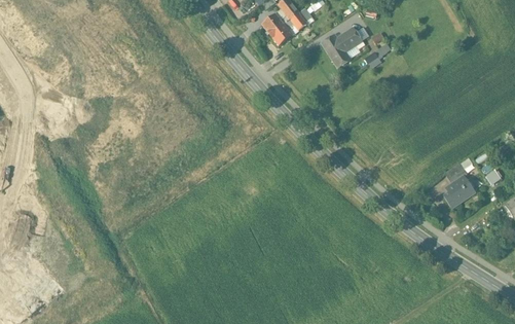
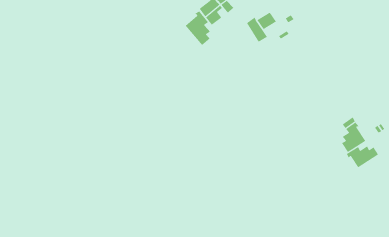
building: none -> [185,10,211,46]
building: none -> [346,145,379,168]

